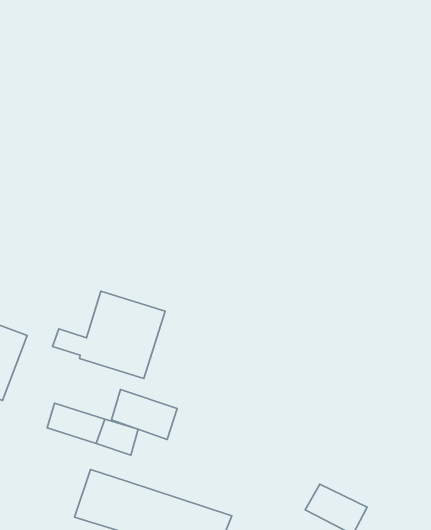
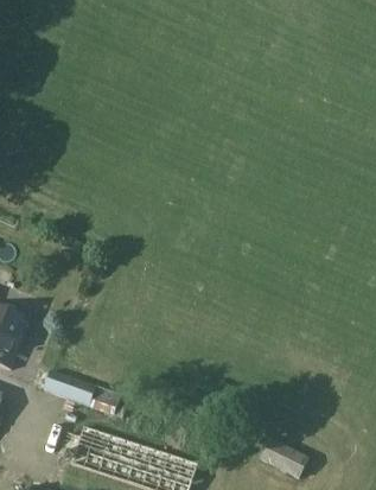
building: [52,291,165,379] -> none
building: [112,390,177,440] -> none

